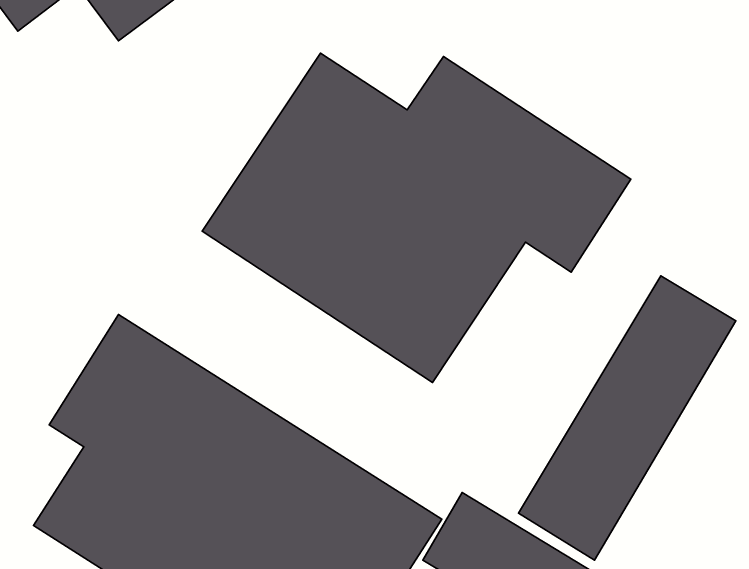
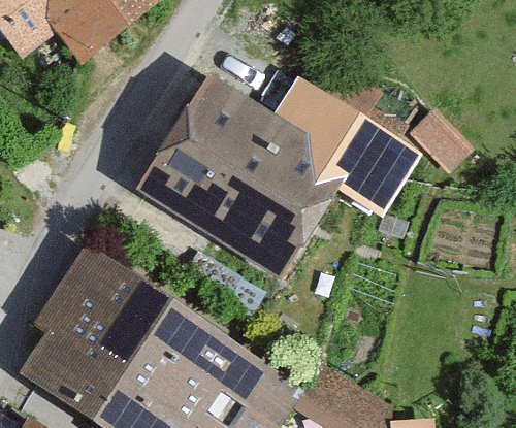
building: [519,276,736,560] -> none

